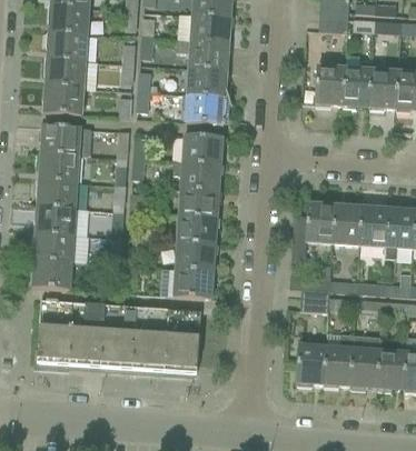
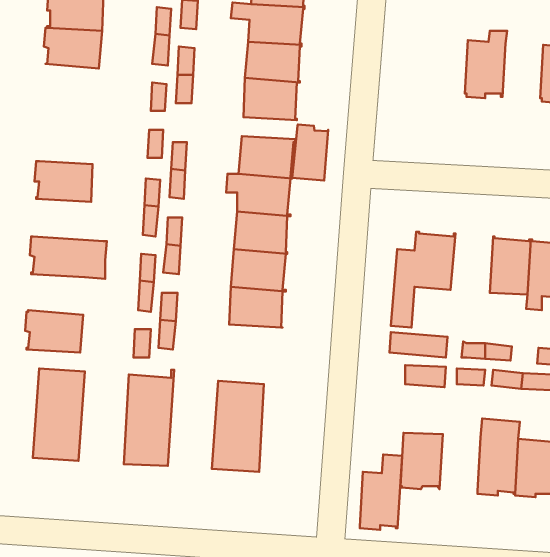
building: [316,67,345,107] -> none
building: [369,70,398,110] -> none
building: [42,84,83,116] -> none
building: [40,126,92,157] -> none
building: none -> [292,124,328,180]
building: [37,180,89,210] -> none
building: [333,204,363,247] -> none
building: [32,233,73,262] -> none
building: [174,269,214,299] -> none
building: [69,302,105,368] -> none
building: [132,307,168,371] -> none
building: [325,334,355,388] -> [360,454,402,530]

